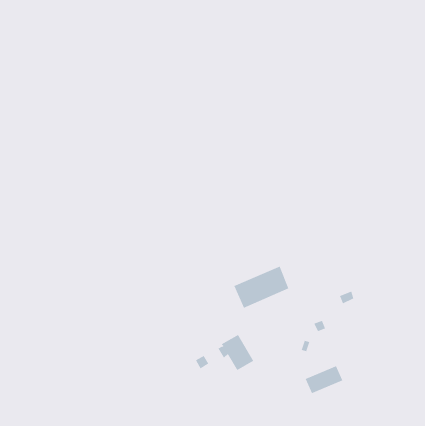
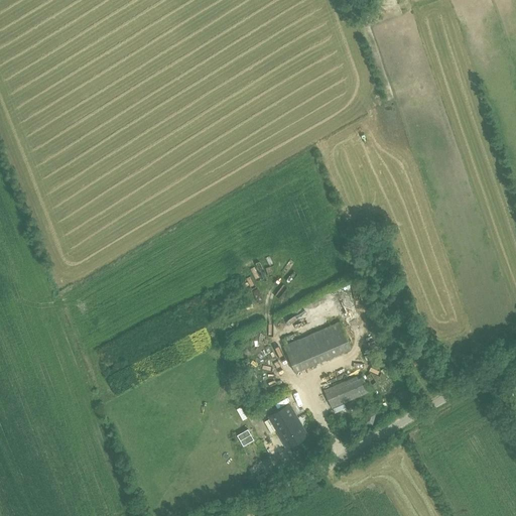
building: [305,365,343,394] -> [322,374,369,408]

